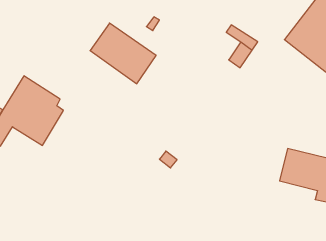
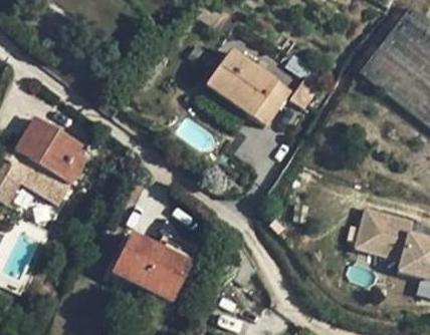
building: [90,23,156,84] -> [209,51,291,126]
building: none -> [115,235,195,301]

